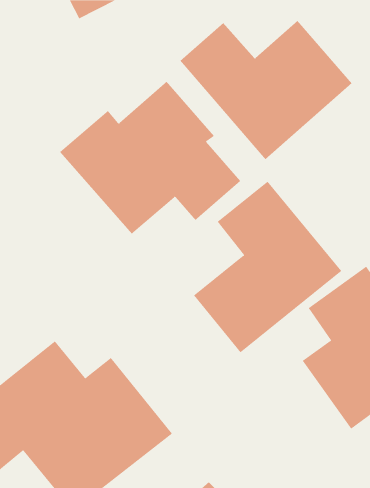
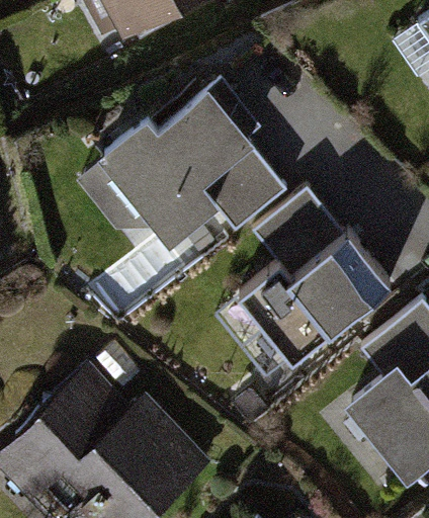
building: [180,20,352,160] -> none

